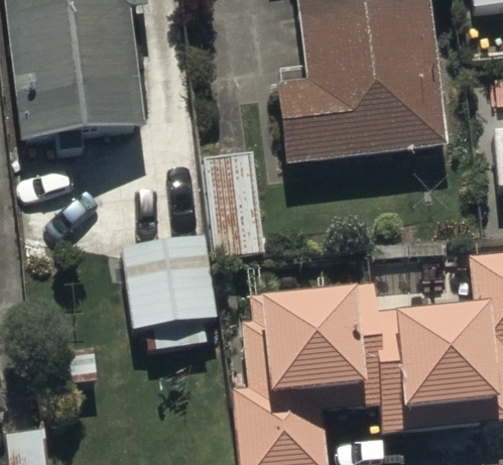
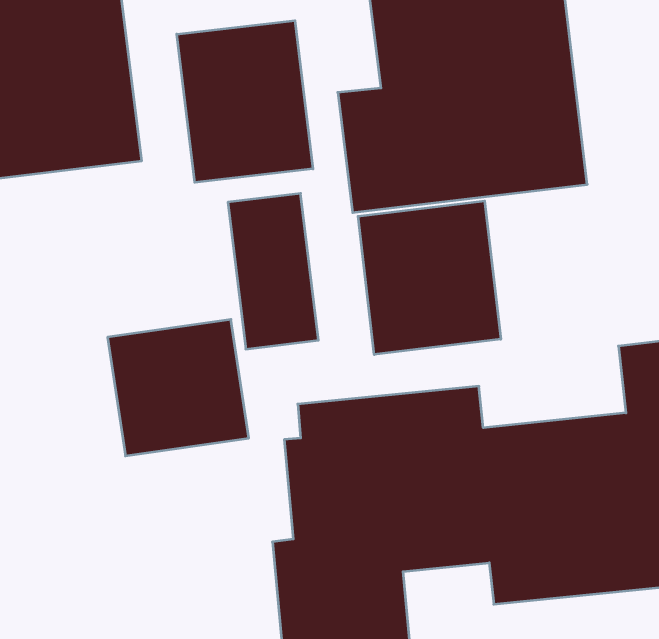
building: none -> [177,21,313,182]
building: none -> [358,201,501,355]

